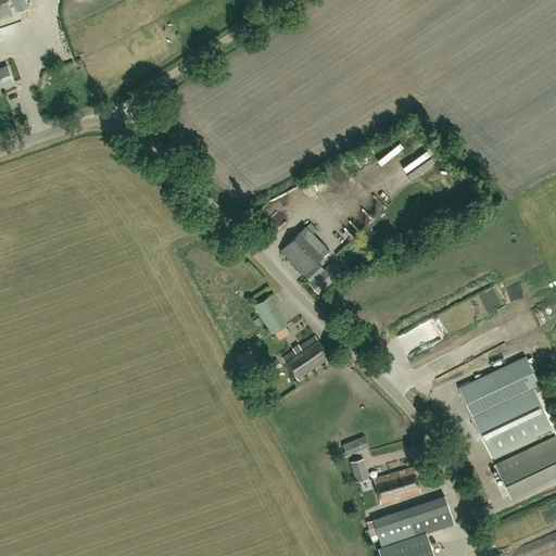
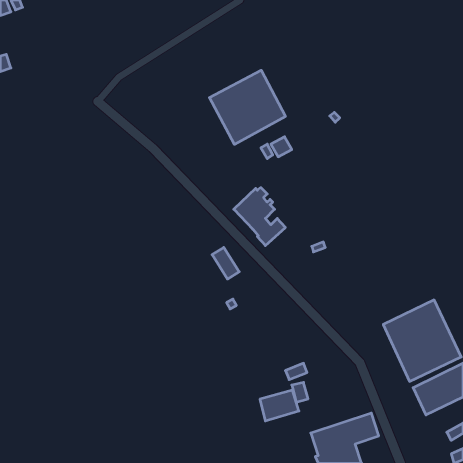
building: none -> [209,70,285,144]
building: [282,336,330,380] -> none
building: [374,467,420,504] -> [260,390,299,421]

